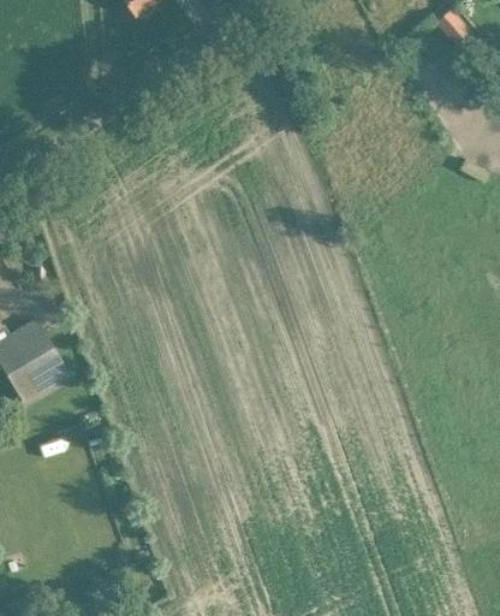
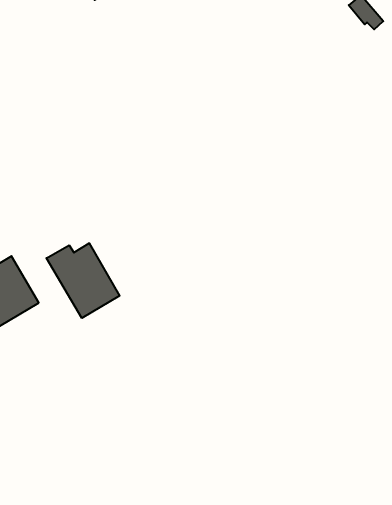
building: none -> [46,243,120,318]

